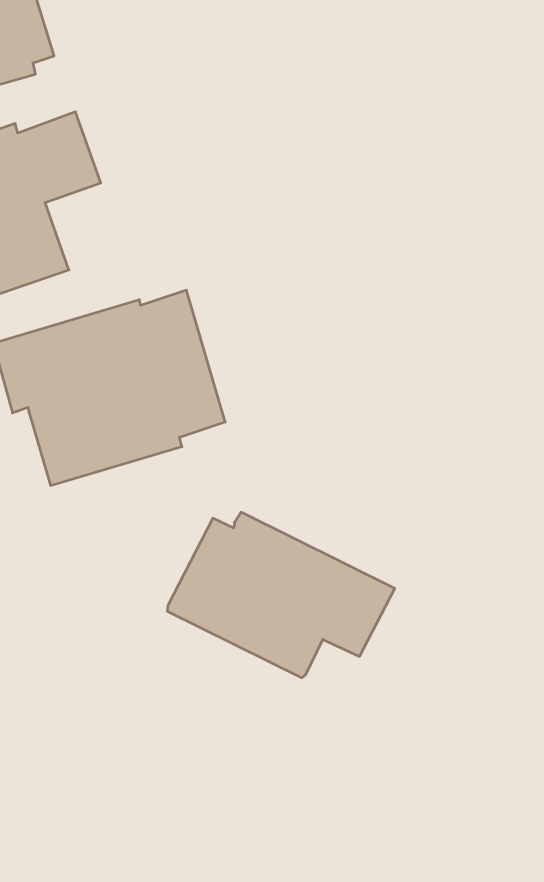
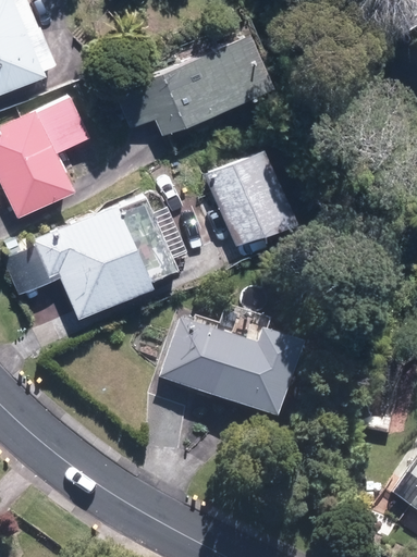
building: none -> [114,35,268,136]
building: none -> [203,148,294,248]

